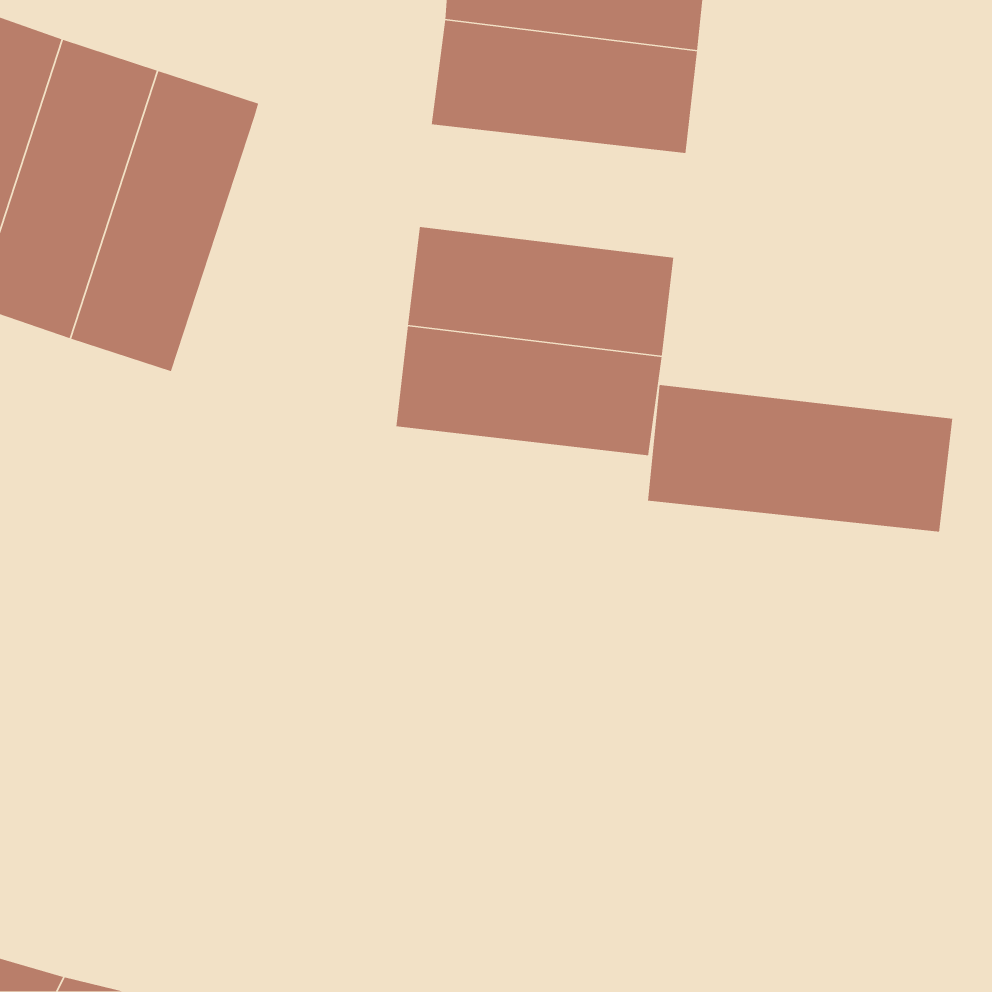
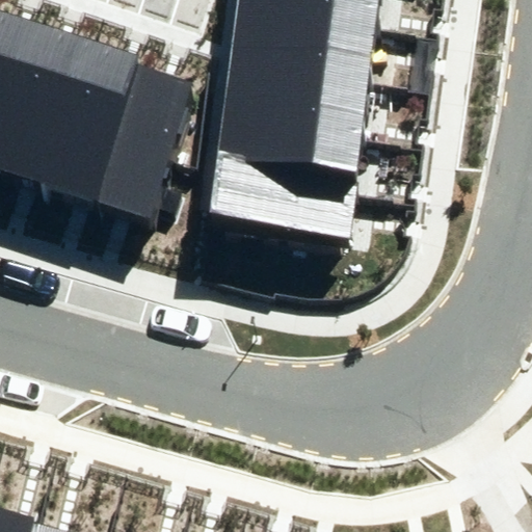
building: none -> [91,62,193,217]
building: none -> [223,66,366,137]
building: [647,384,953,533] -> none

